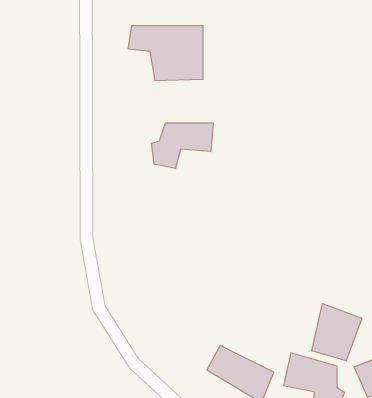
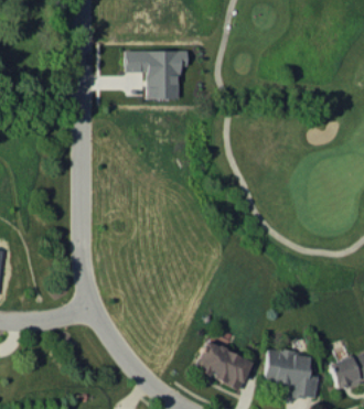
building: [151,123,213,169] -> none
building: [312,304,362,361] -> none

